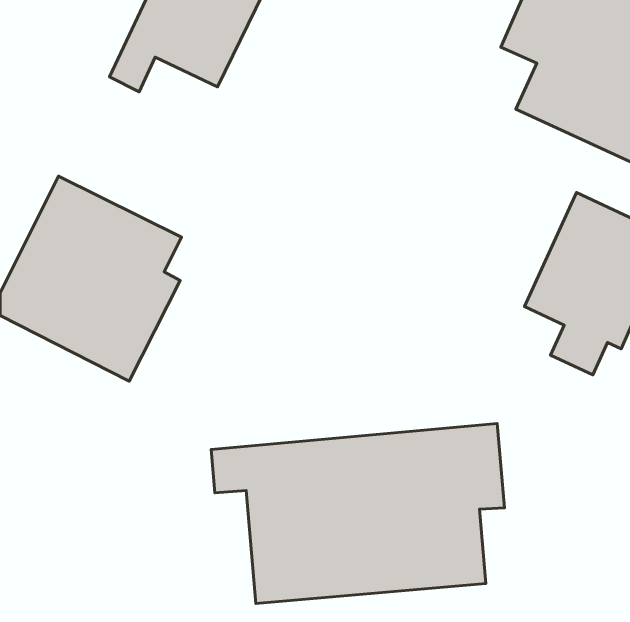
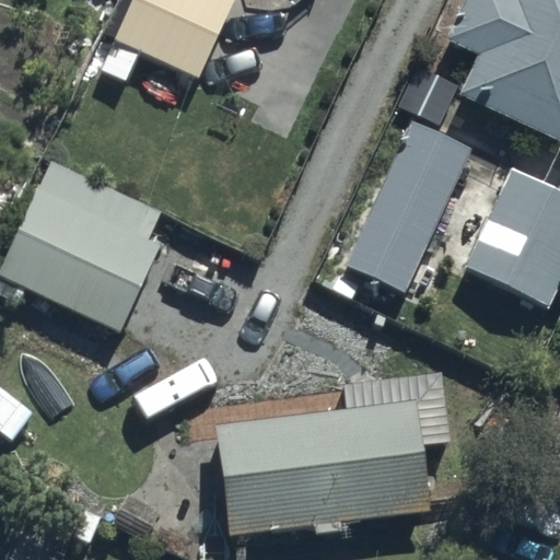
building: none -> [343,120,470,292]

